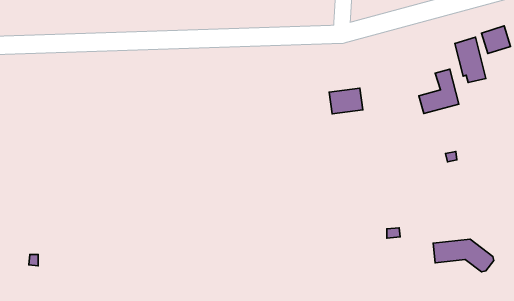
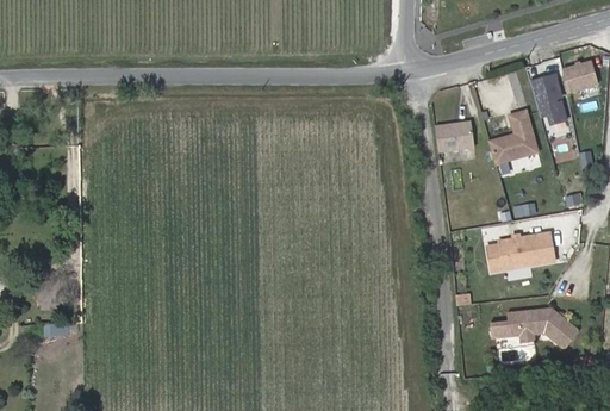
building: [329,88,363,114] -> [438,123,478,152]
building: none -> [488,231,556,269]

